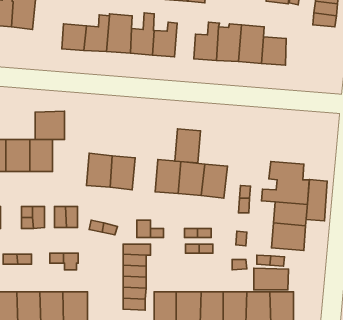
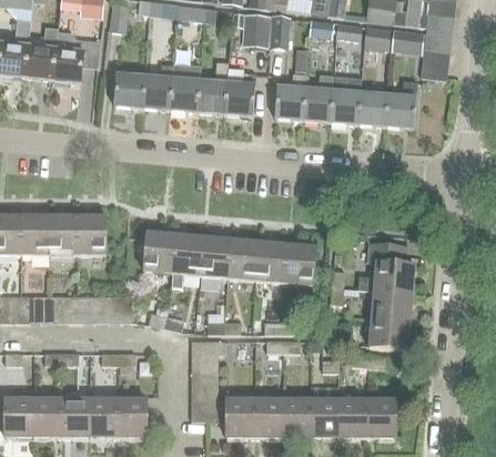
building: none -> [386,78,416,125]
building: [35,111,64,140] -> none
building: [175,129,201,163] -> [201,236,232,277]
building: [306,180,327,221] -> none
building: [254,268,289,290] -> none

